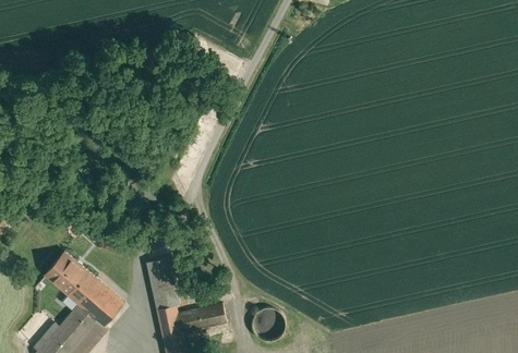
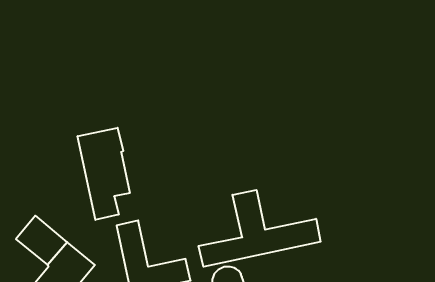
building: none -> [78,128,130,220]
building: none -> [199,190,321,267]

